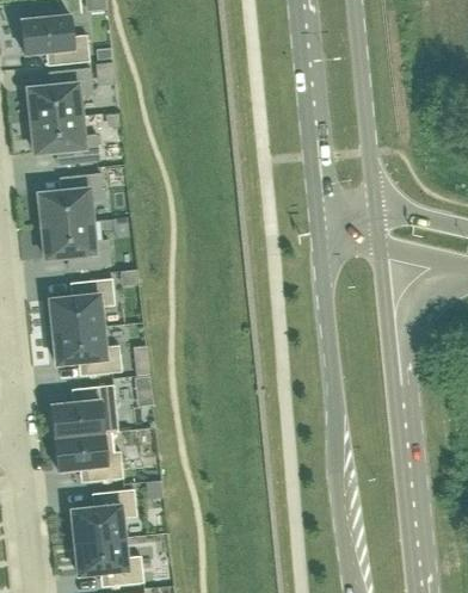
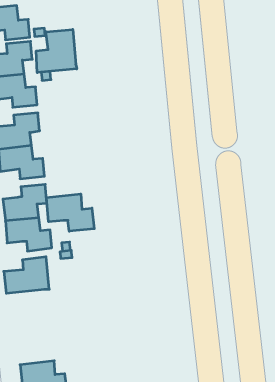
building: none -> [36,29,77,73]
building: none -> [46,194,94,231]
building: [54,432,122,482] -> none
building: [70,489,136,543] -> none

